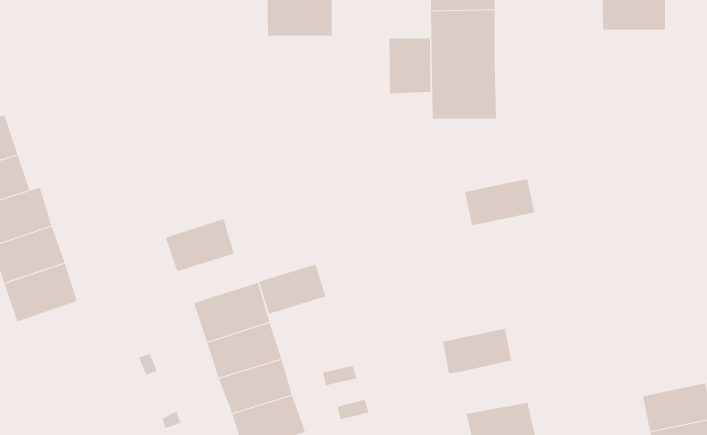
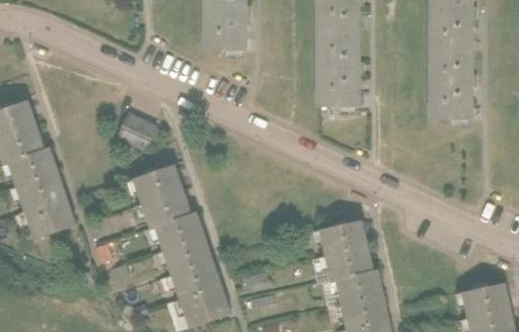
building: none -> [433,42,476,111]
building: [389,37,431,94] -> none
building: none -> [118,114,162,151]
building: [464,178,535,226] -> [318,222,367,254]
building: [258,264,326,314] -> [142,194,189,229]
building: none -> [335,266,382,304]

